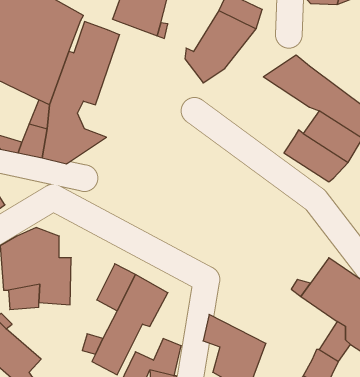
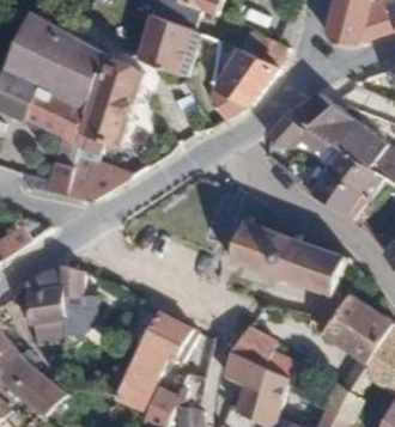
building: none -> [267,115,332,151]
building: none -> [232,221,345,295]
building: none -> [232,328,298,379]

